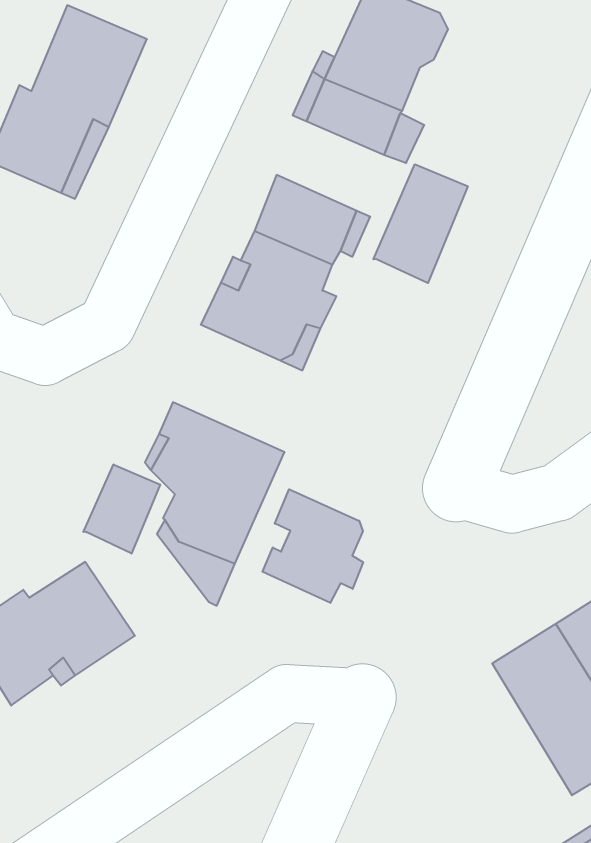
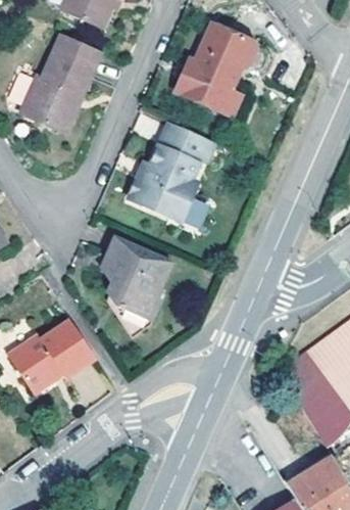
building: [373,164,468,283] -> none
building: [83,464,160,554] -> none
building: [262,489,363,603] -> none

